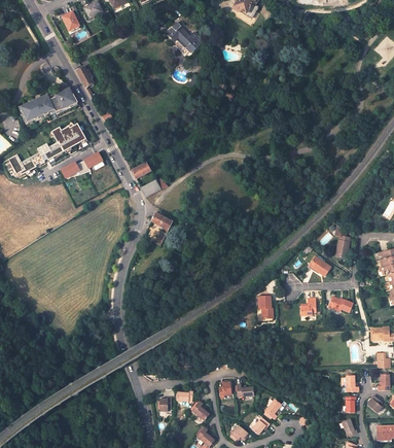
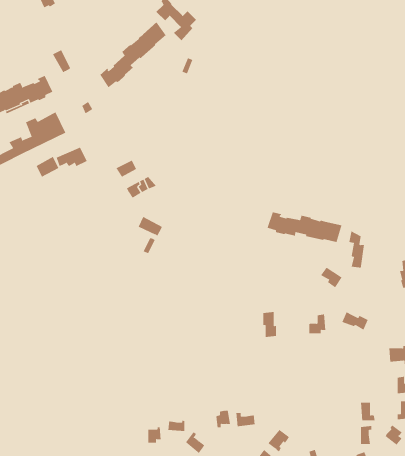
building: none -> [100,21,166,88]
building: none -> [267,211,342,243]

